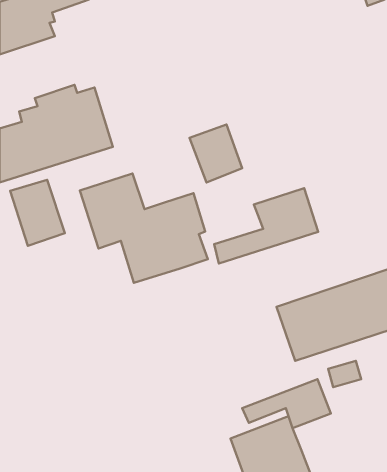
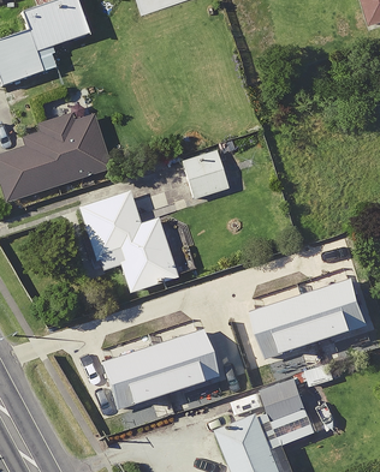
building: [10,180,65,246] -> none
building: [214,188,318,263] -> none
building: none -> [107,329,227,412]

